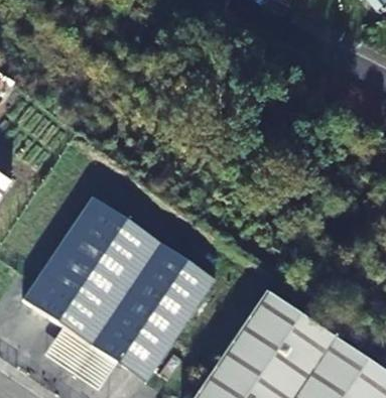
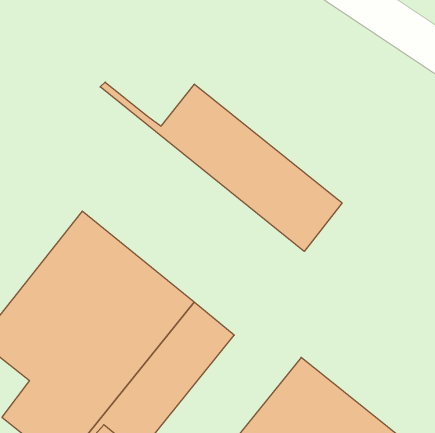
building: none -> [100,82,342,251]

